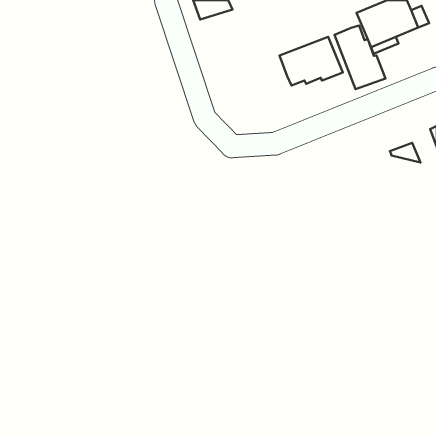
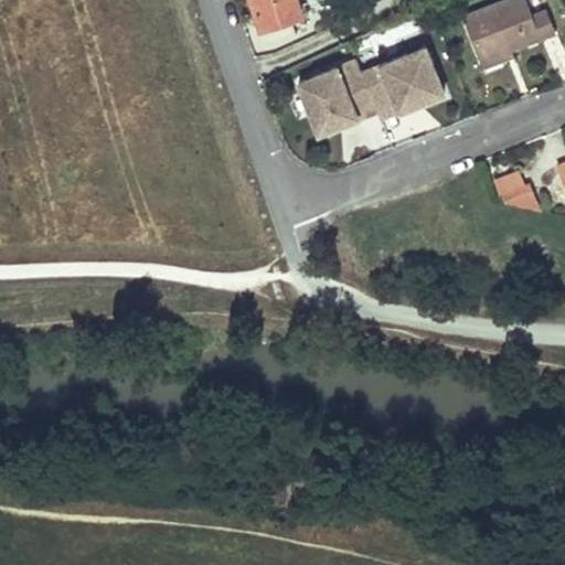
building: [334,26,385,89] -> none
building: none -> [299,61,372,135]

